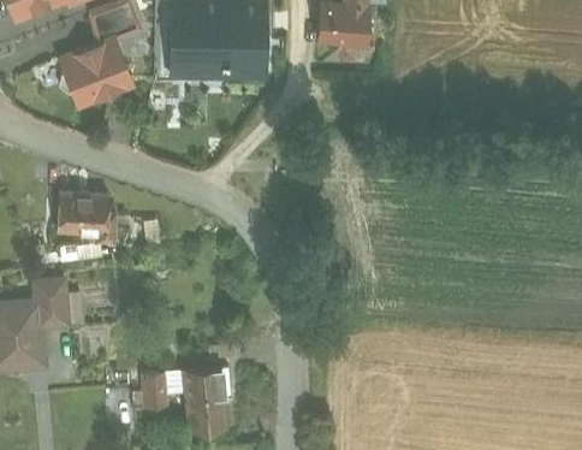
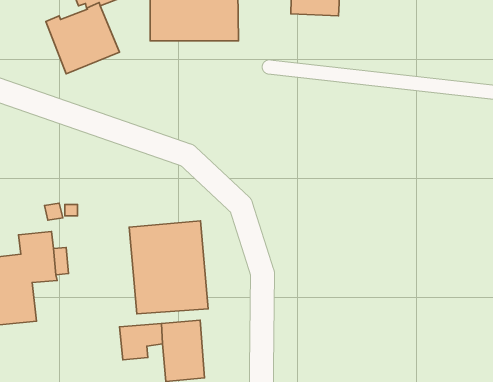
building: [57,190,118,245] -> none
building: none -> [129,221,208,314]

